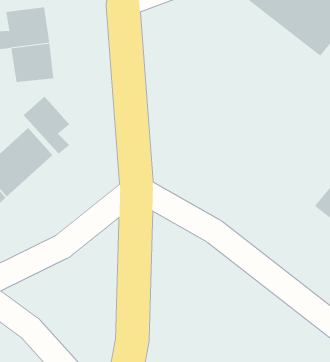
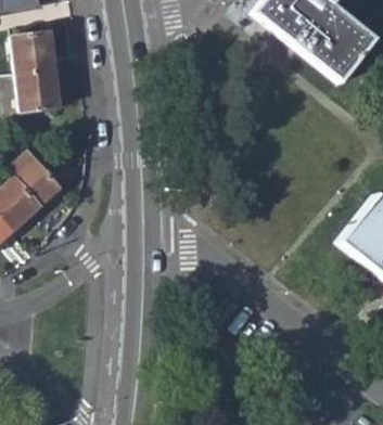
building: [23,96,70,155] -> none

